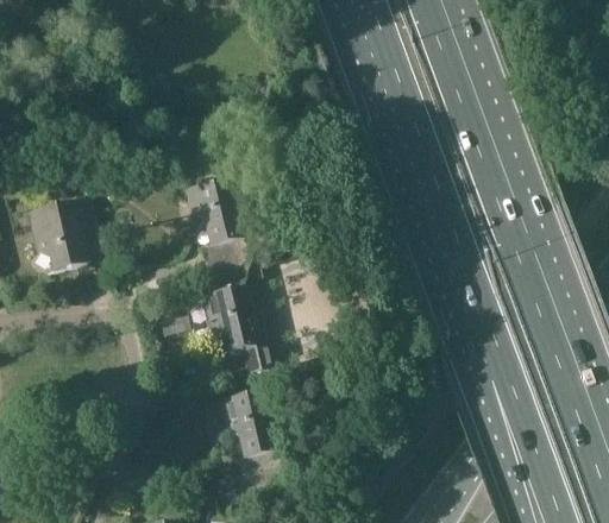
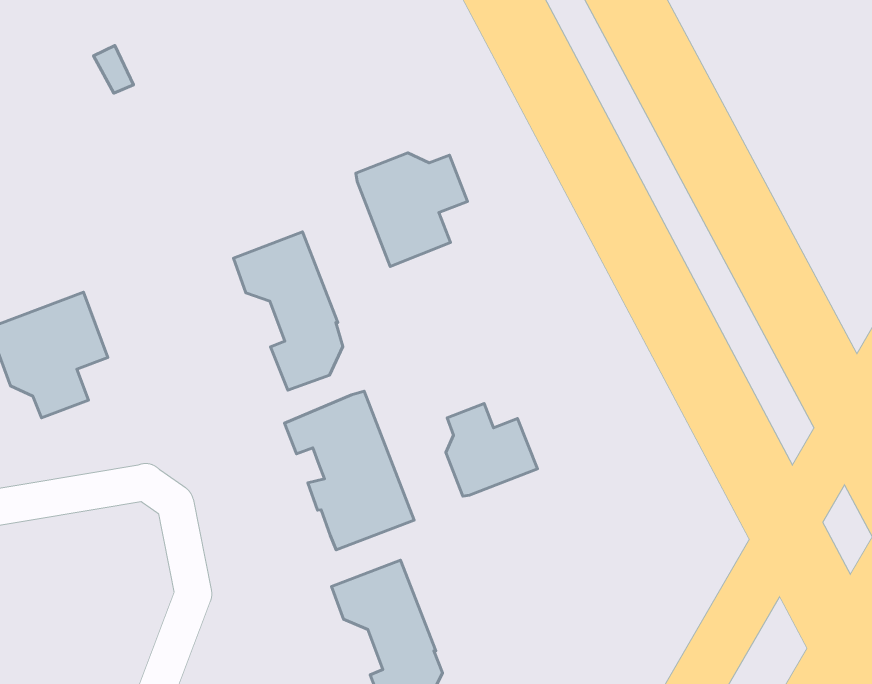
building: none -> [356,153,468,266]
building: none -> [446,404,537,496]

